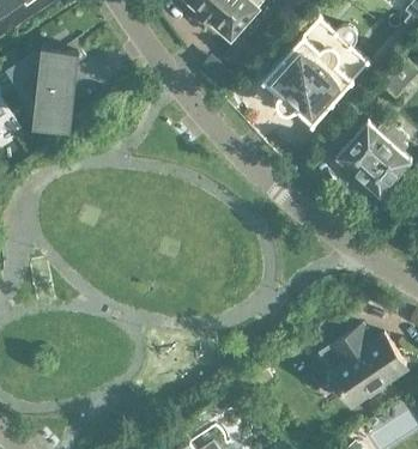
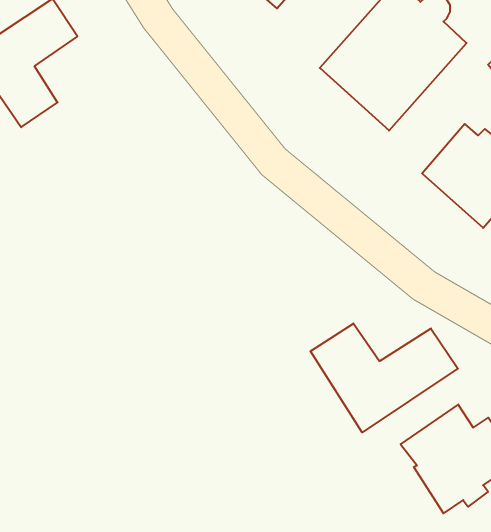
building: none -> [310,323,458,432]

